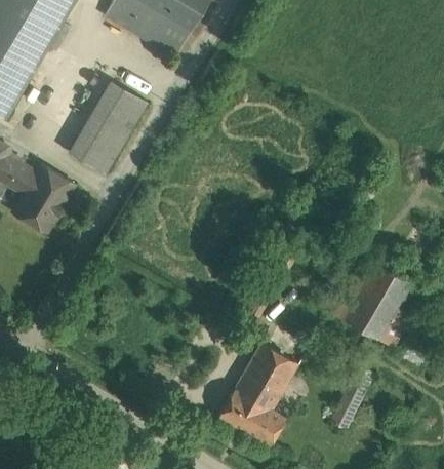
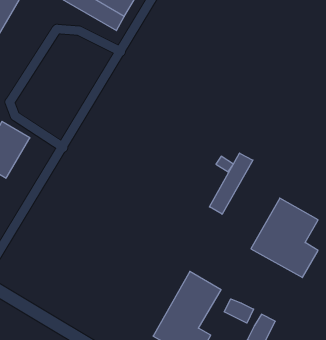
building: [69,80,147,173] -> none
building: none -> [209,153,253,214]
building: none -> [224,299,254,323]

